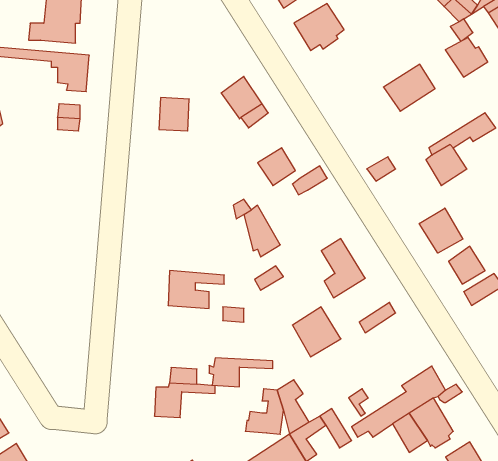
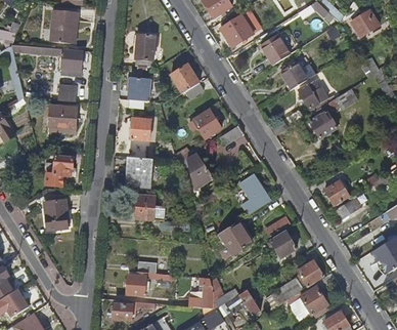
building: none -> [260,34,290,65]
building: none -> [134,36,158,67]
building: [445,38,488,77] -> [298,82,326,109]
building: none -> [49,106,76,133]
building: none -> [130,119,149,140]
building: [419,208,463,253] -> none
building: none -> [41,157,71,187]
building: none -> [124,157,151,188]
building: none -> [43,200,67,230]
building: none -> [269,232,296,259]
building: [209,358,273,387] -> [111,300,153,320]

